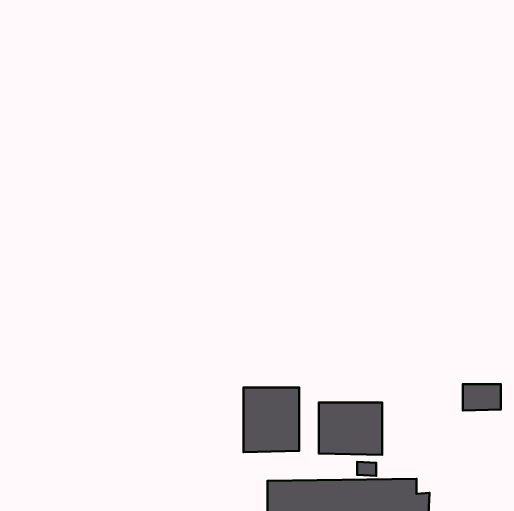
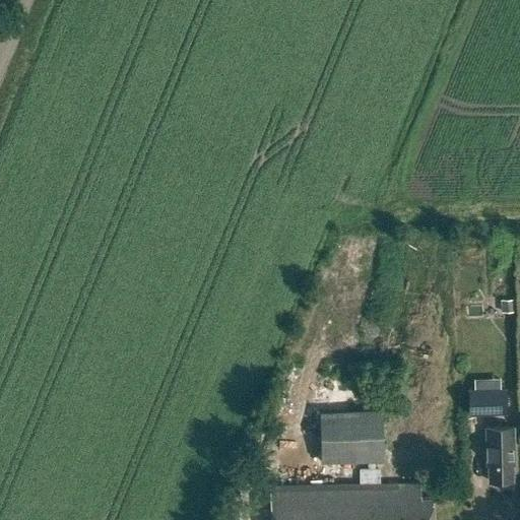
building: [244,387,299,452] -> none
building: none -> [486,431,514,483]

